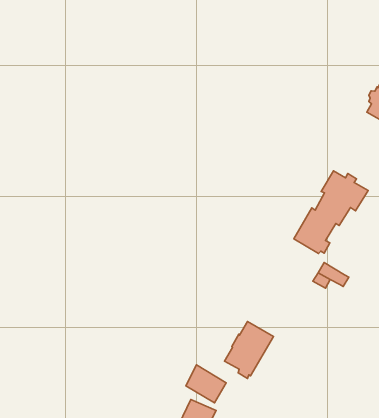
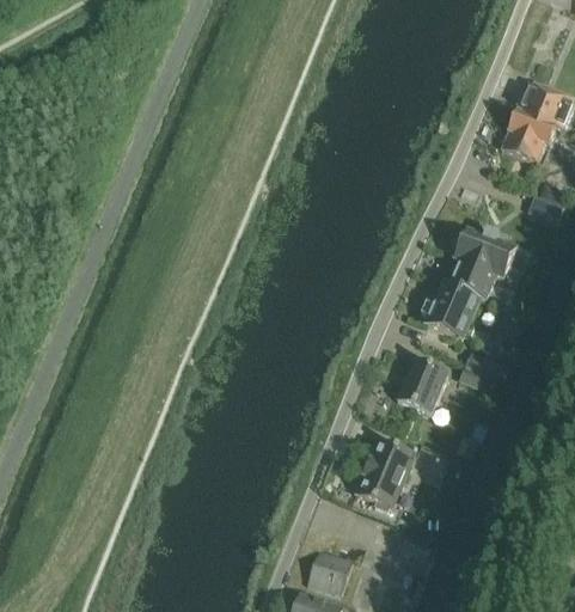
building: none -> [397,359,448,414]
building: [186,365,226,403] -> none

